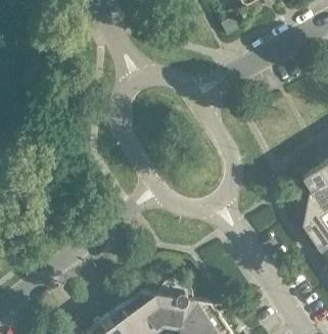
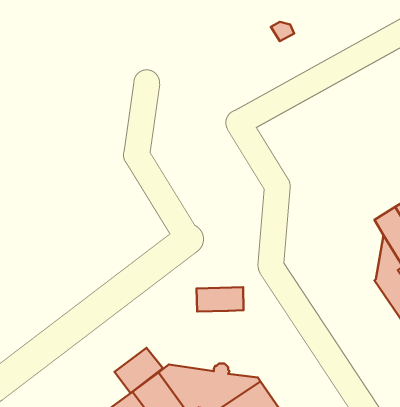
building: none -> [197,287,244,311]
building: none -> [115,348,163,393]

